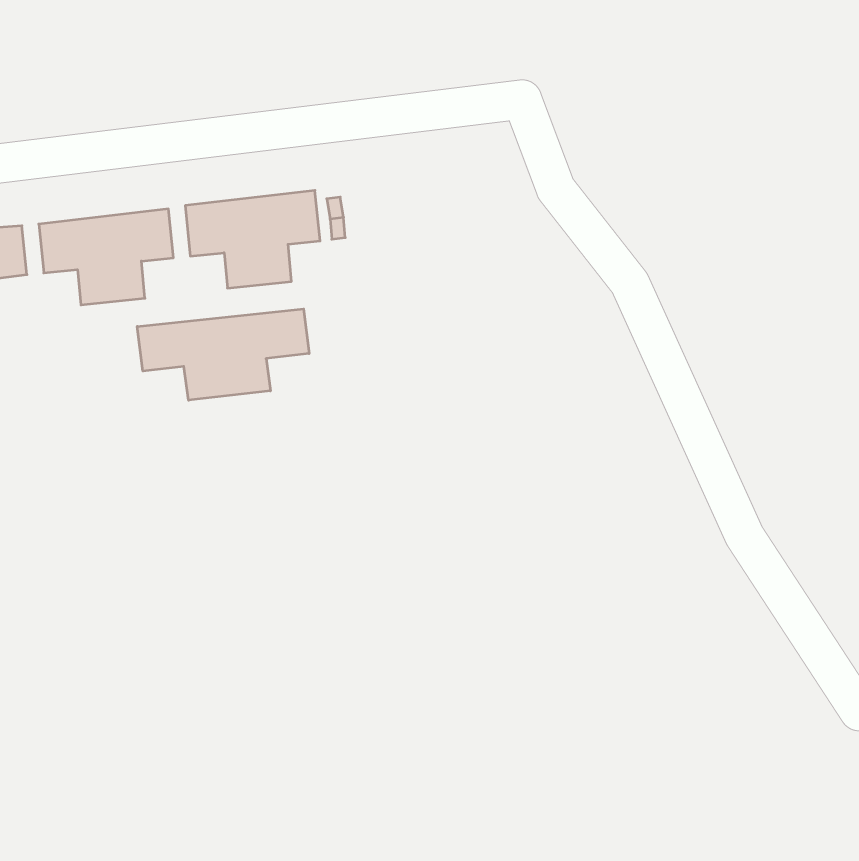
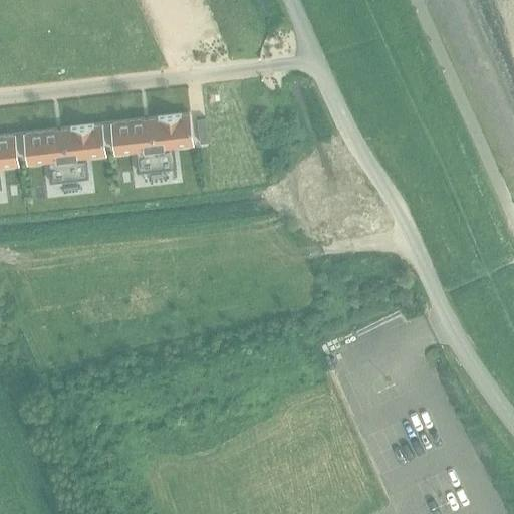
building: [137,309,309,400] -> none

